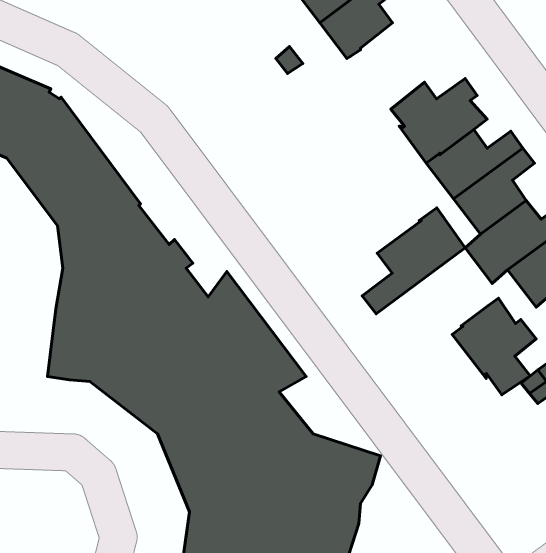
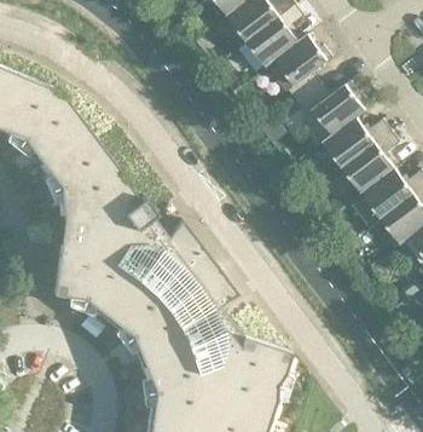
building: none -> [267,35,331,104]
building: [362,208,465,314] -> none
building: [452,298,536,395] -> none

